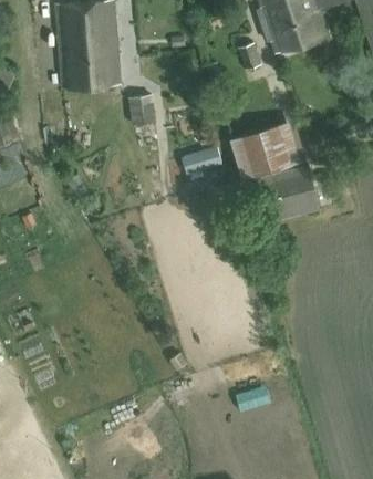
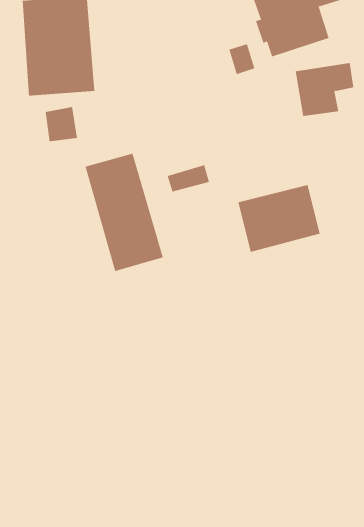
building: [129,94,158,125] -> [45,107,78,142]
building: [234,118,286,166] -> [295,62,354,117]
building: none -> [85,153,164,272]

